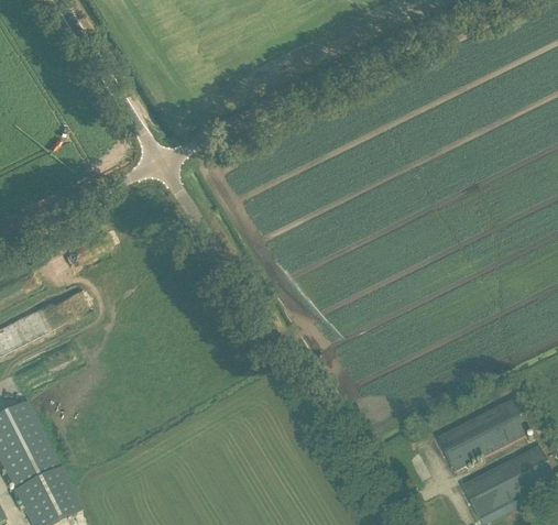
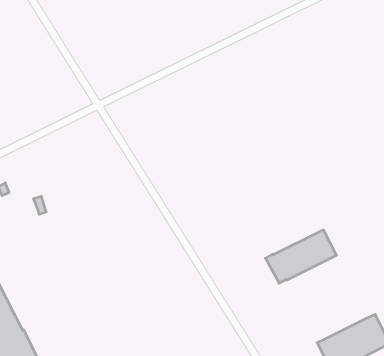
building: [434,396,530,469] -> [265,230,337,283]

